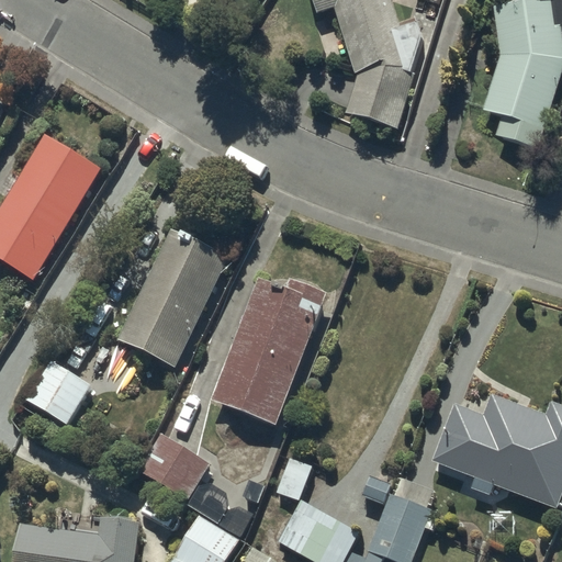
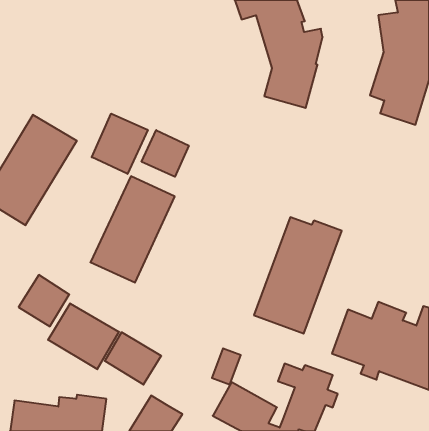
building: none -> [92,114,148,174]
building: none -> [142,130,189,177]
building: [211,273,325,425] -> [254,217,342,334]
building: none -> [48,303,119,369]

